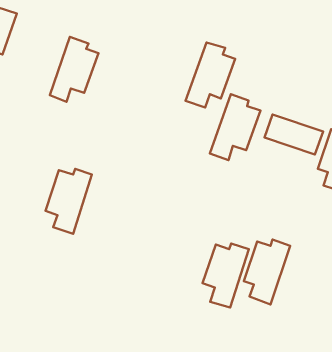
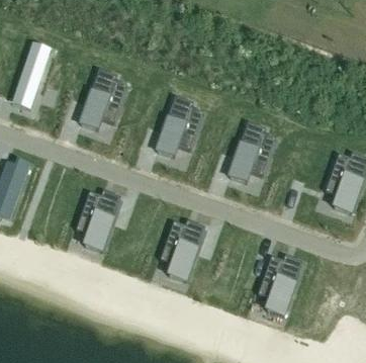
building: [185,42,235,107] -> [155,98,200,158]
building: [264,115,323,155] -> none
building: [203,244,249,307] -> [161,222,203,281]

